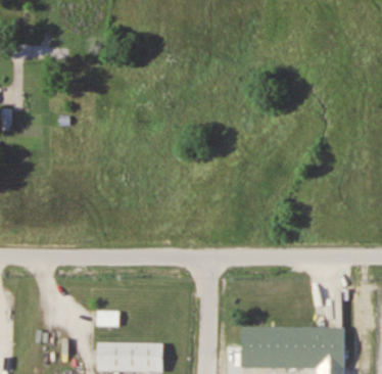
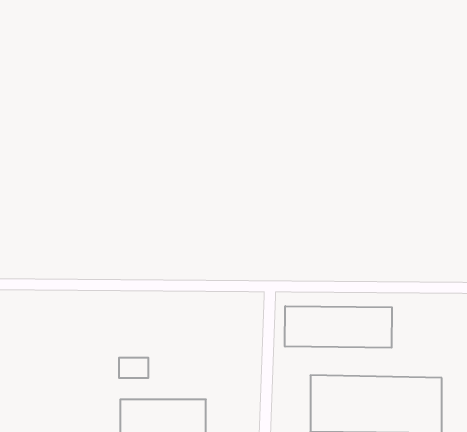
building: none -> [285,306,392,348]

